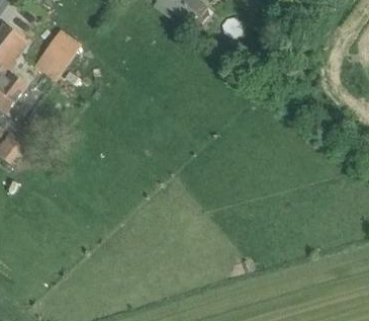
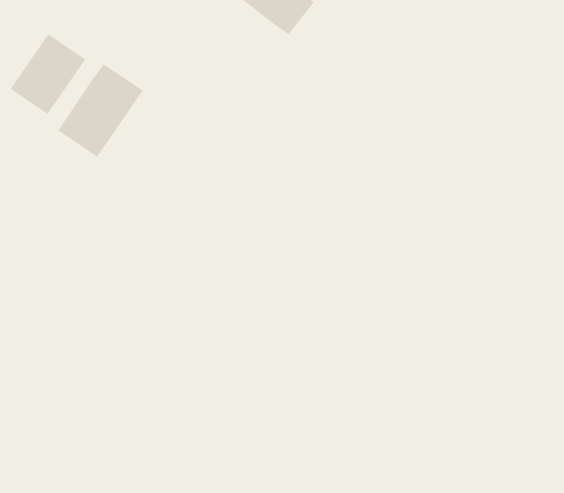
building: none -> [57,63,143,157]

